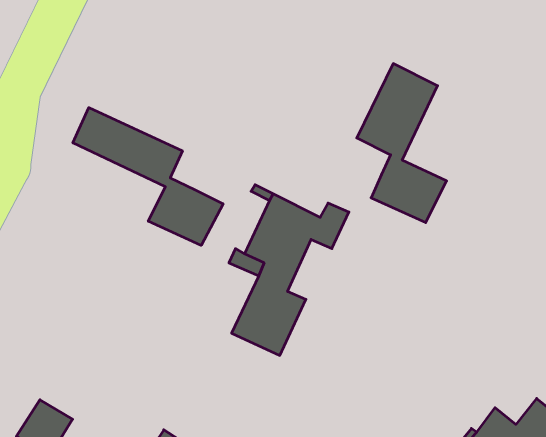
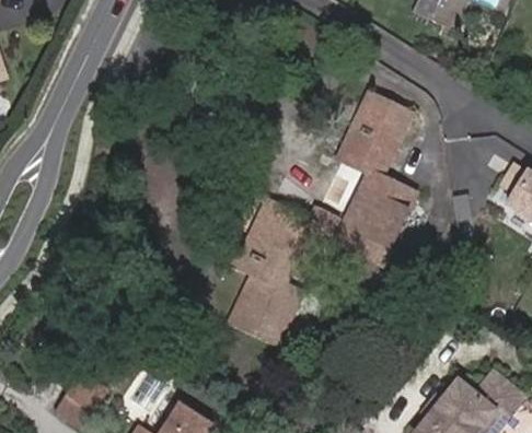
building: [73,108,223,245] -> none
building: none -> [335,207,397,262]

